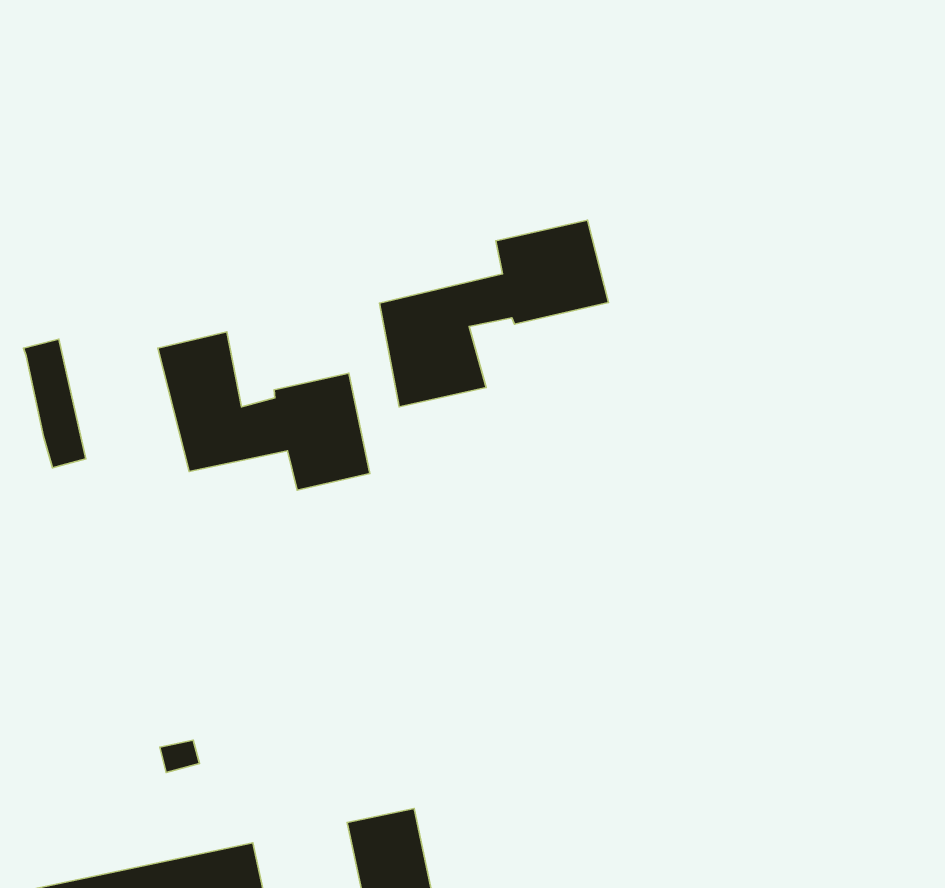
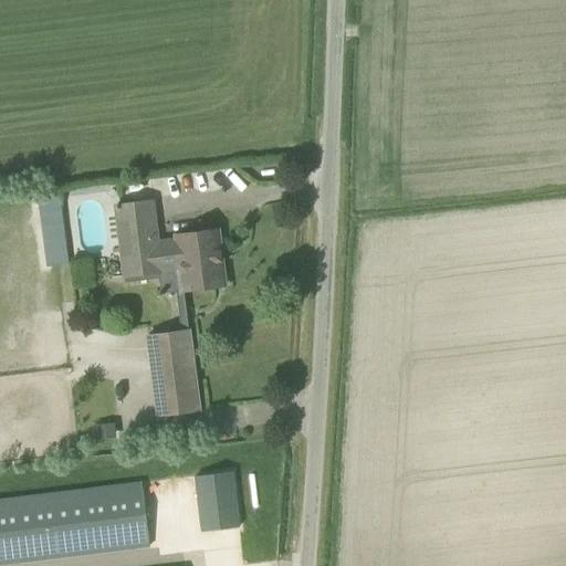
building: [379,220,609,407] -> none
building: none -> [147,329,199,416]

